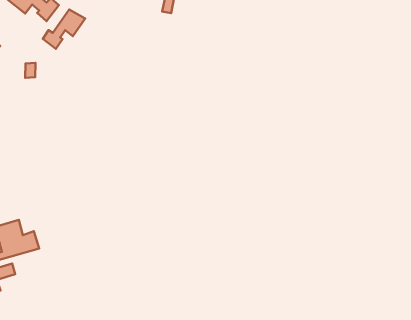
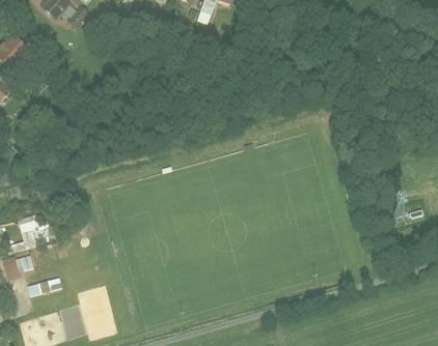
building: [43,9,85,49] -> none

